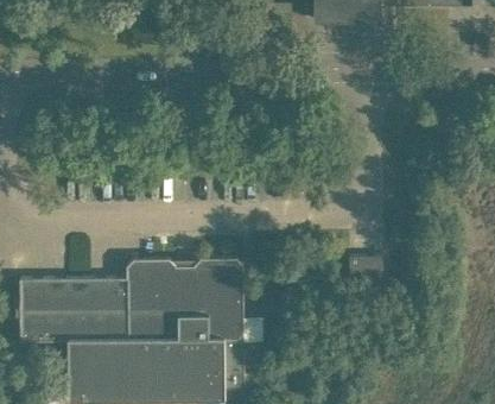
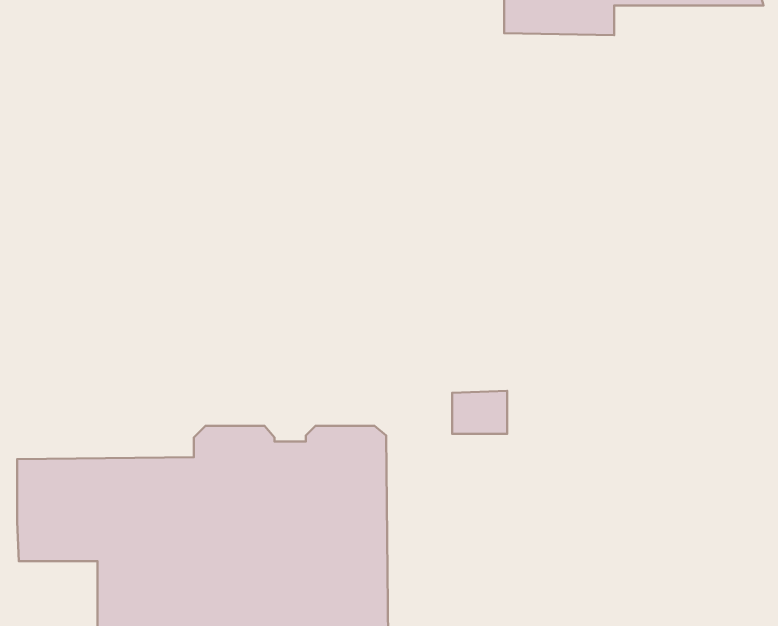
building: [350,258,383,284] -> [452,391,507,434]

